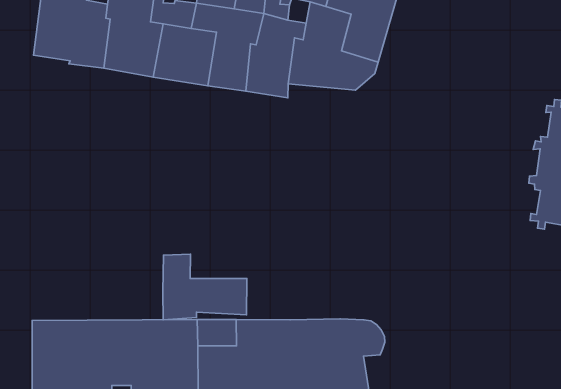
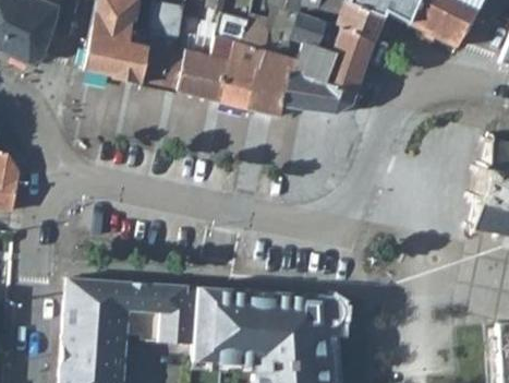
building: [163,254,247,320] -> none

